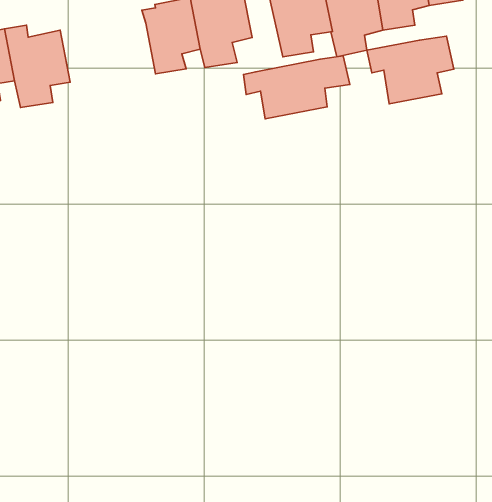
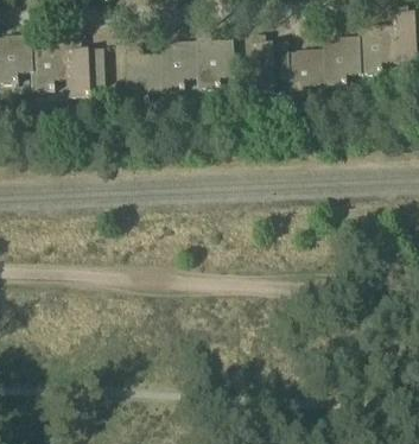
building: none -> [127,45,166,101]
building: [367,36,454,104] -> none
building: [244,56,350,119] -> none

